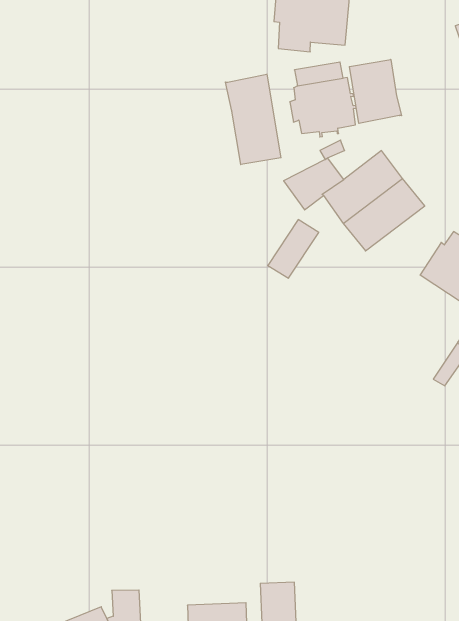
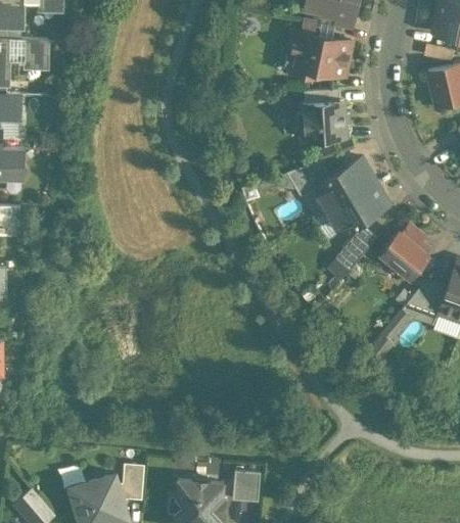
building: [349,59,402,123] -> none
building: [225,74,281,165] -> none
building: [268,220,319,278] -> [335,226,376,269]

